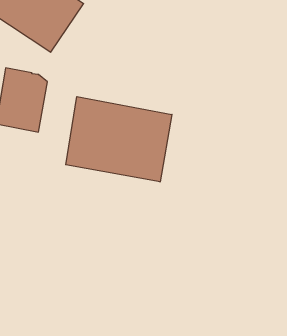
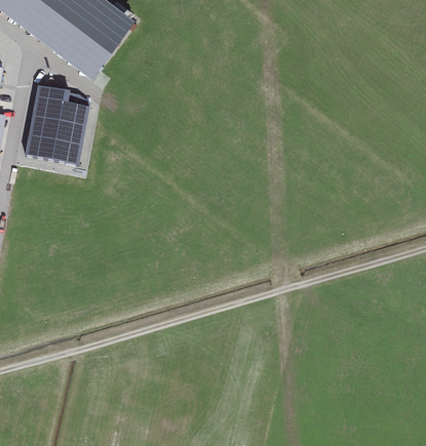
building: [66,97,172,182] -> none

